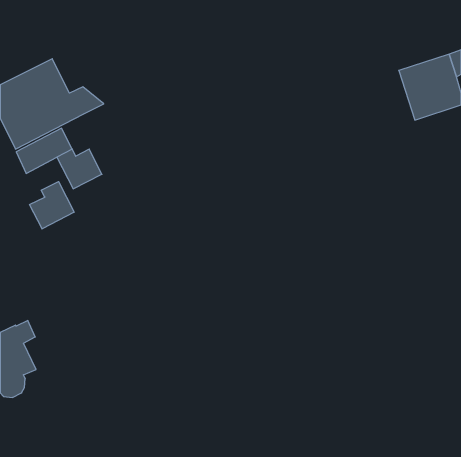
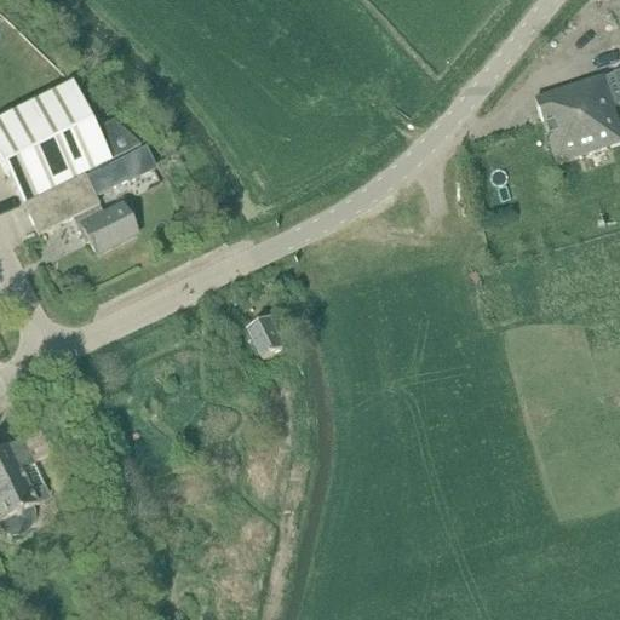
building: none -> [85,147,147,191]
building: [30,182,74,229] -> none
building: none -> [247,314,285,356]

